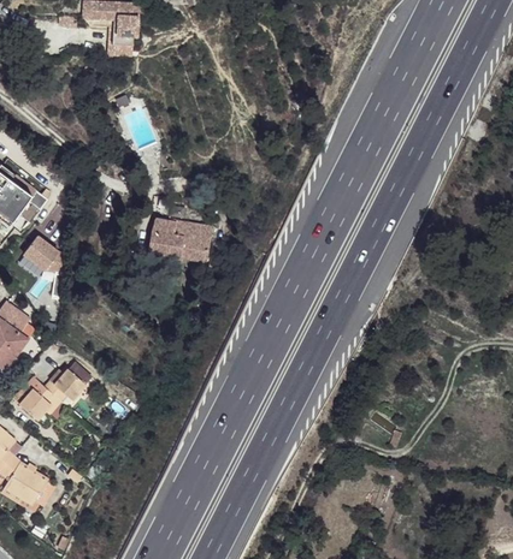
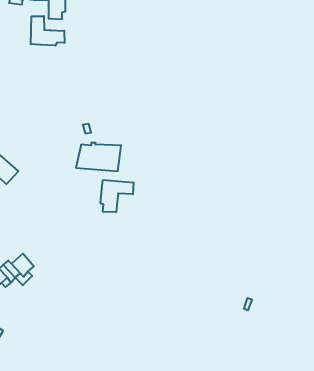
building: none -> [31,16,64,46]
building: none -> [100,180,133,212]

